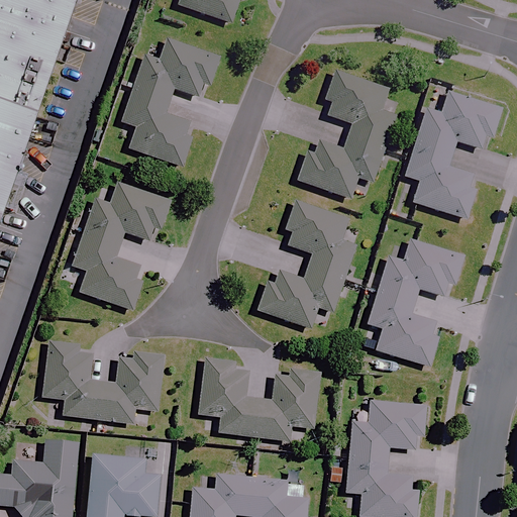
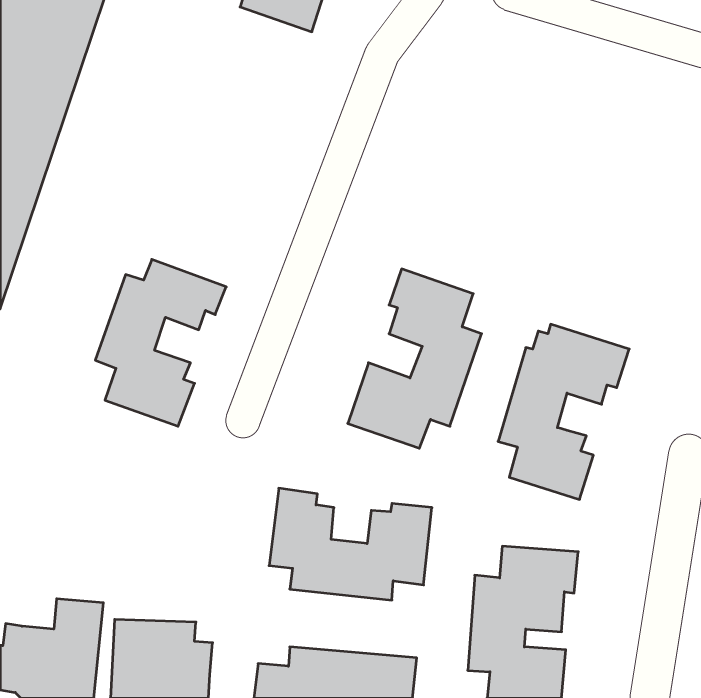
building: [121,39,219,166] -> none
building: [299,70,396,199] -> none
building: [406,91,502,218] -> none
building: [43,339,163,422] -> none

